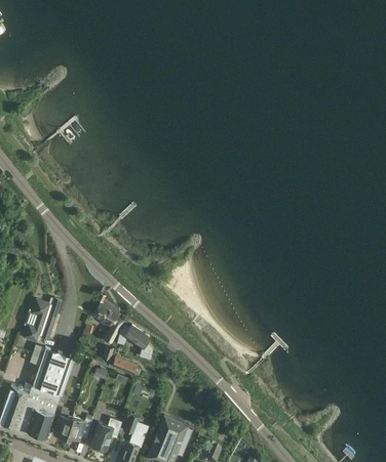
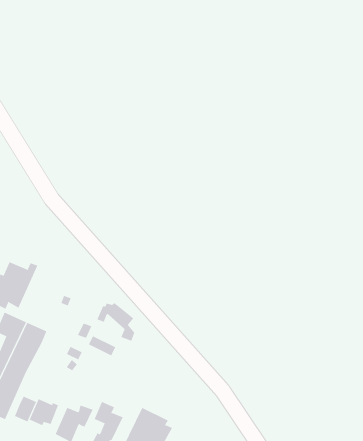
building: [92,302,120,343] -> none

